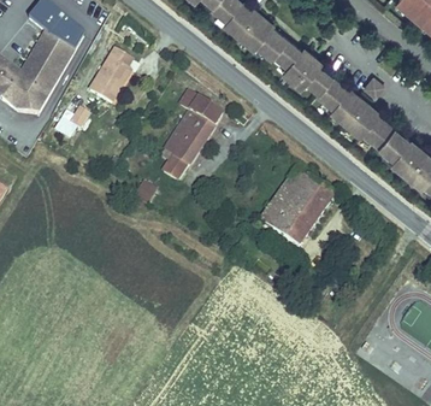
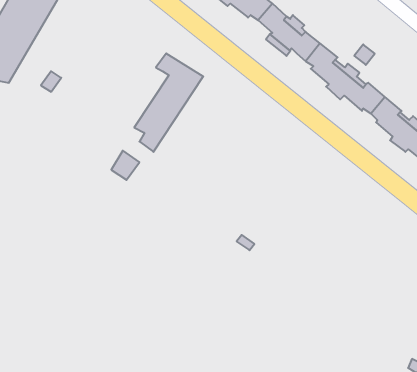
building: [85,48,131,105] -> none
building: [259,165,335,243] -> none

